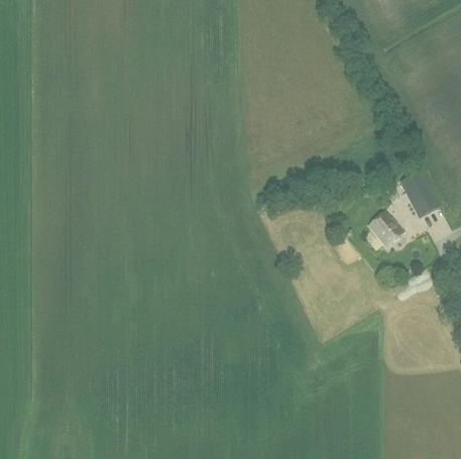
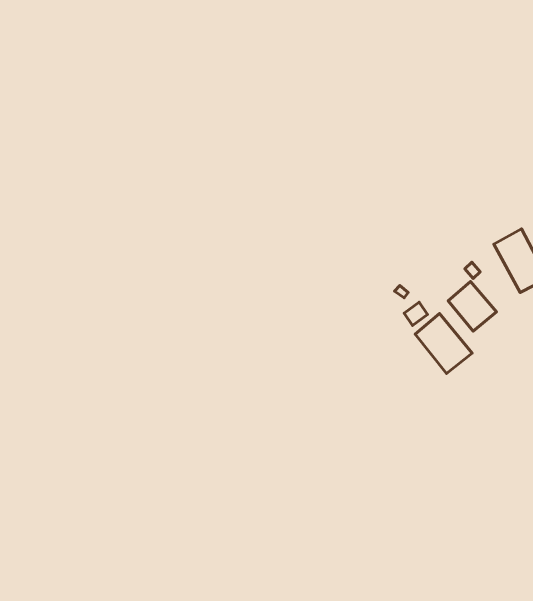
building: none -> [415,313,472,373]

